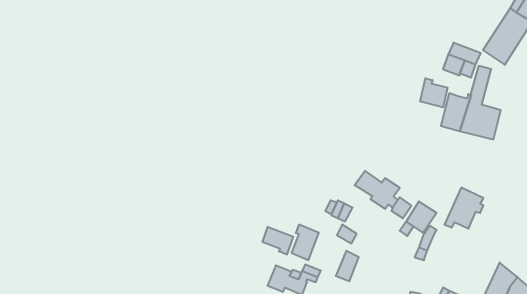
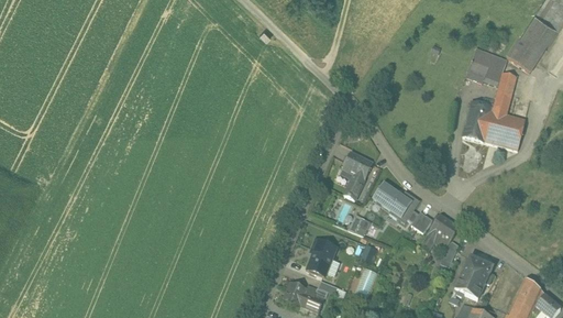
building: [420,78,448,107] -> none
building: none -> [342,152,373,200]
building: [444,188,483,229] -> [452,256,493,299]
building: [263,227,293,255] -> none

